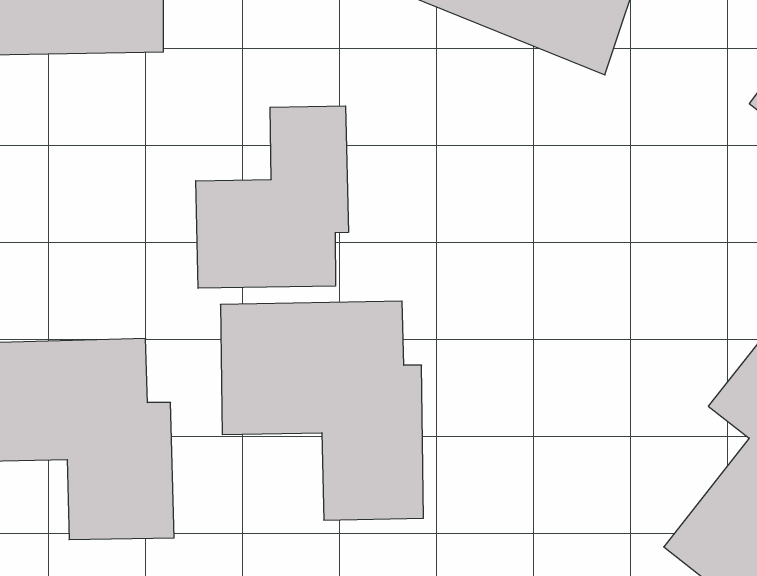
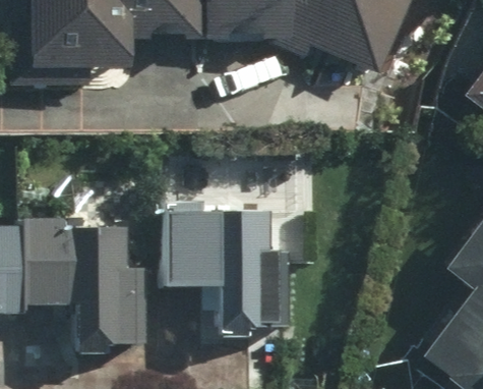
building: [196,106,348,288] -> none

